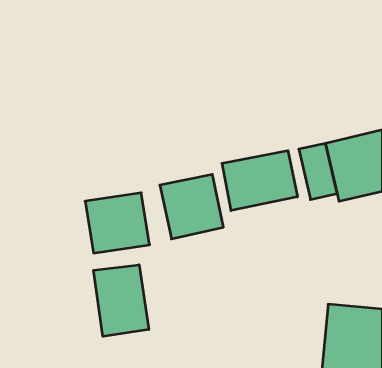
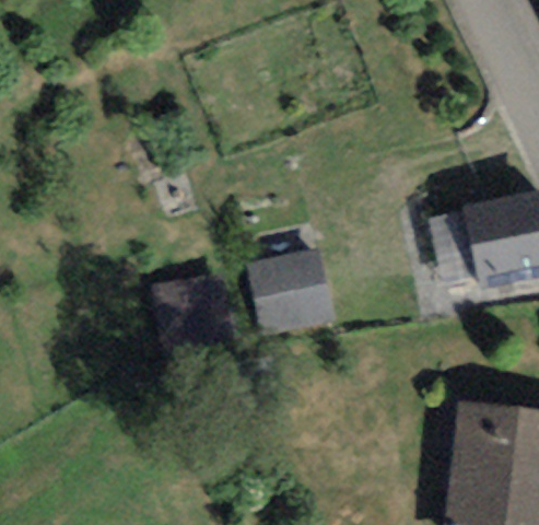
building: [222,151,297,211] -> none
building: [94,265,149,336] -> none

